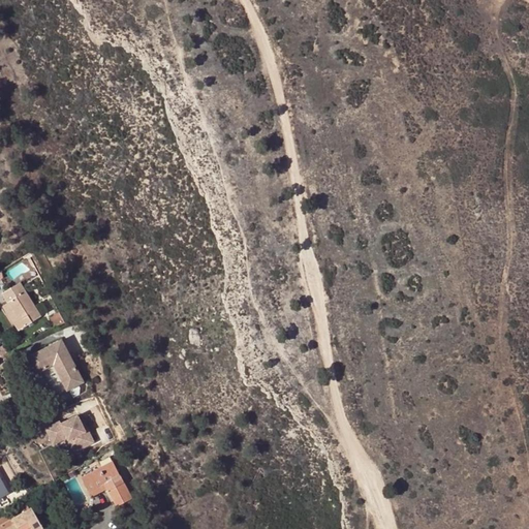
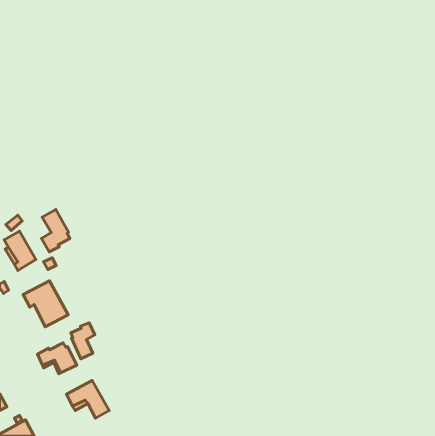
building: none -> [42,209,70,252]
building: none -> [71,323,95,359]

